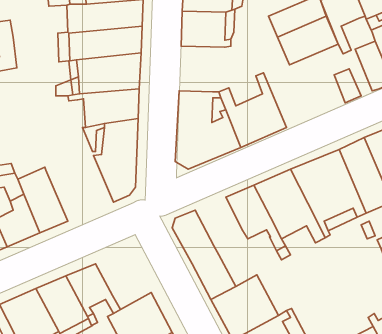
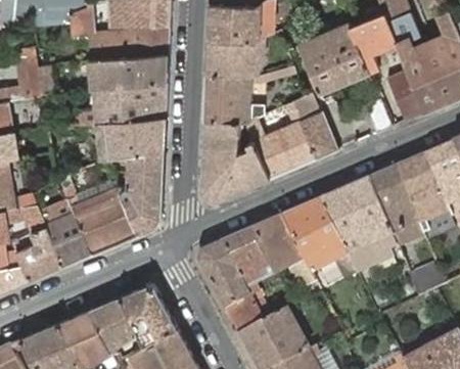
building: none -> [205,73,264,120]
building: none -> [292,94,337,156]
building: none -> [58,174,138,252]
building: none -> [222,228,276,287]
building: none -> [120,283,177,343]

